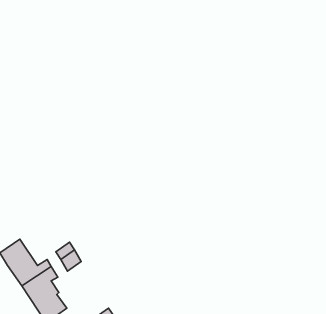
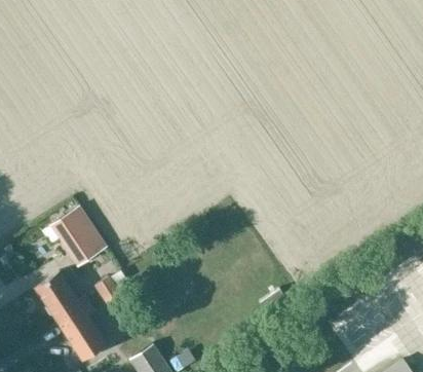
building: none -> [48,210,101,267]

